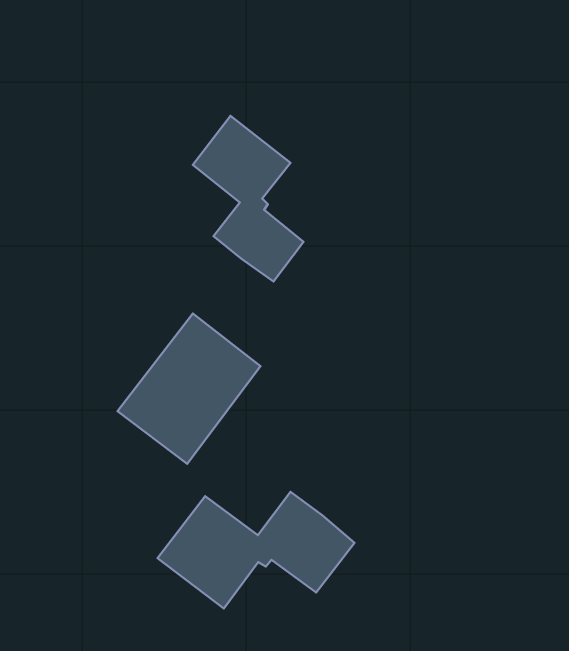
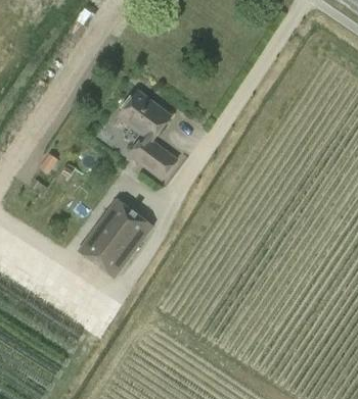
building: [158,492,355,608] -> none

